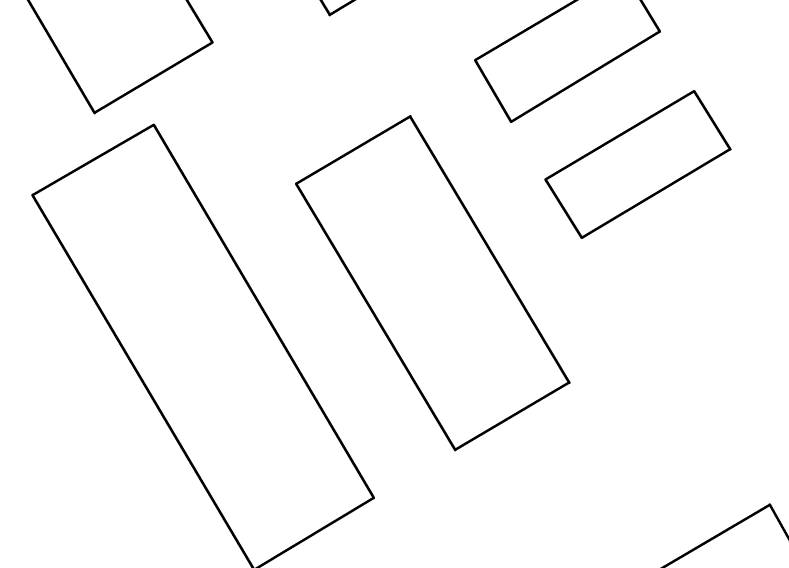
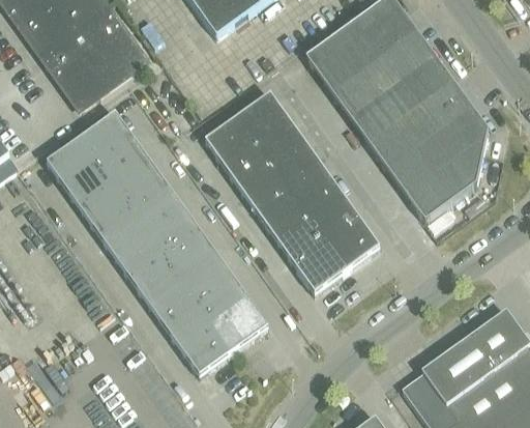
building: none -> [331,28,440,123]
building: none -> [380,95,488,220]

